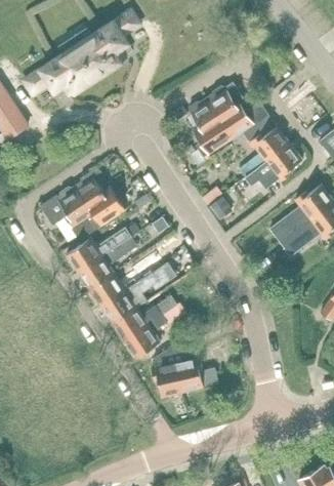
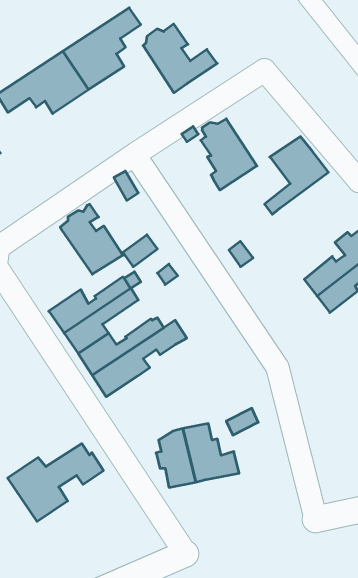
building: [207,83,266,138] -> [143,24,217,93]
building: [244,144,301,191] -> none
building: [40,188,99,240] -> none
building: [111,296,187,359] -> [8,444,103,521]

